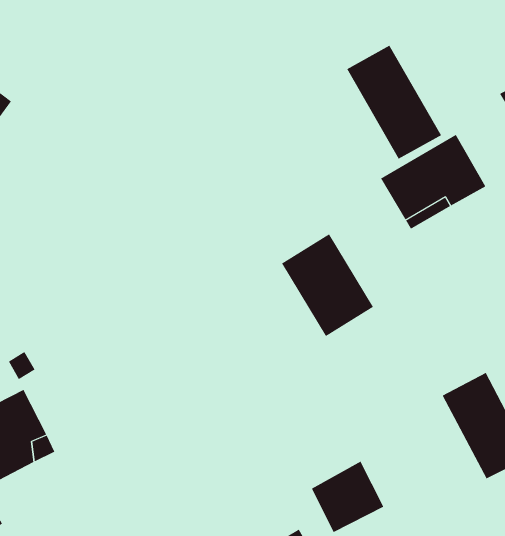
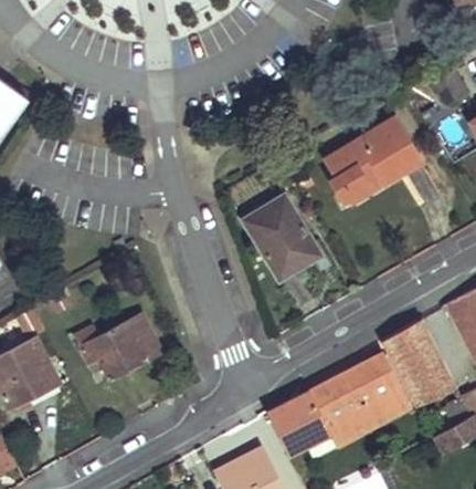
building: [346,45,442,159] -> none
building: none -> [80,318,162,382]
building: none -> [313,358,408,446]

